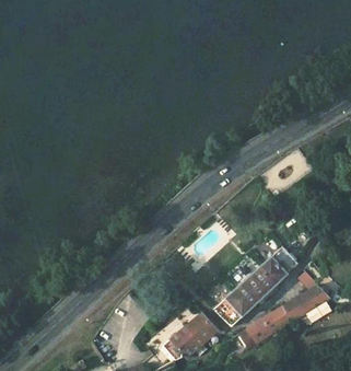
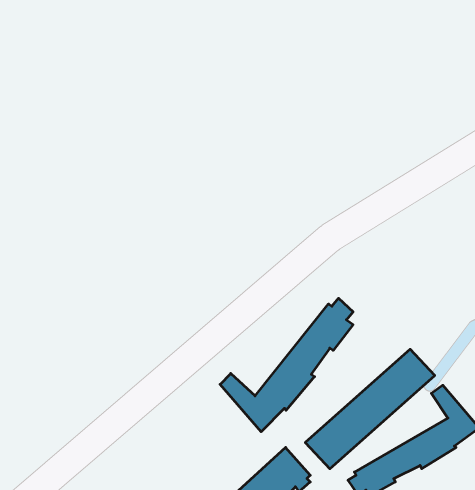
building: none -> [220,298,353,432]

